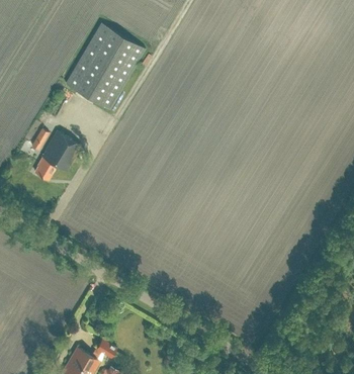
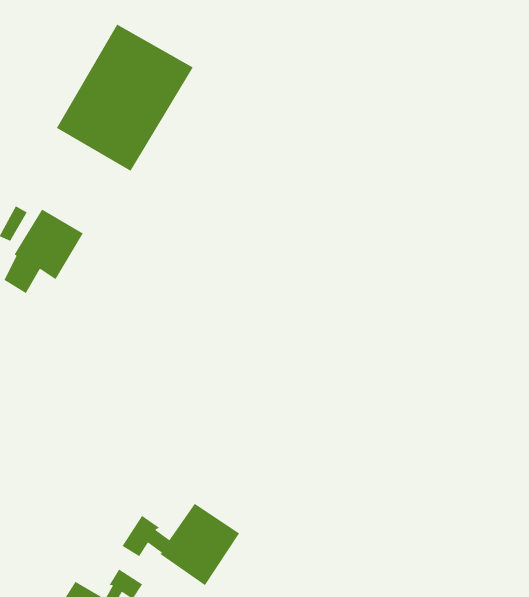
building: none -> [122,503,240,586]

